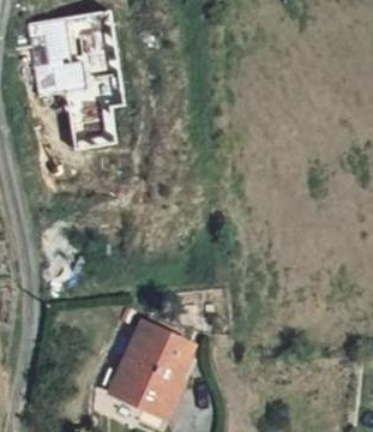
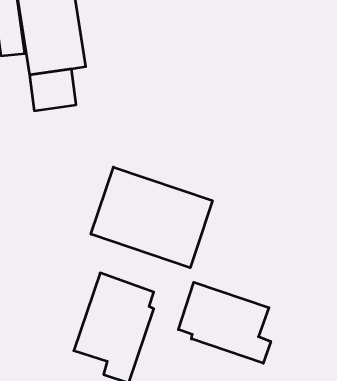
building: none -> [91,167,212,268]
building: none -> [178,282,271,363]

